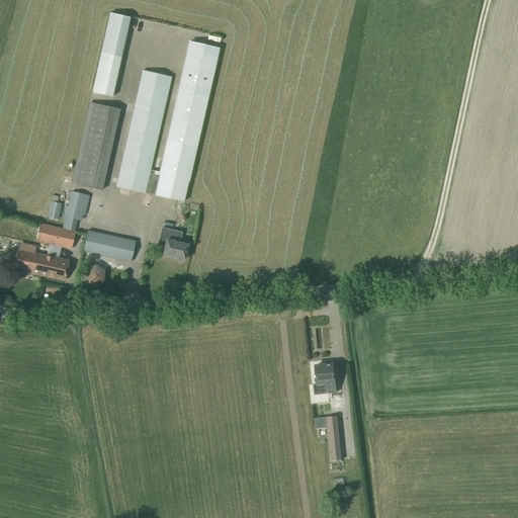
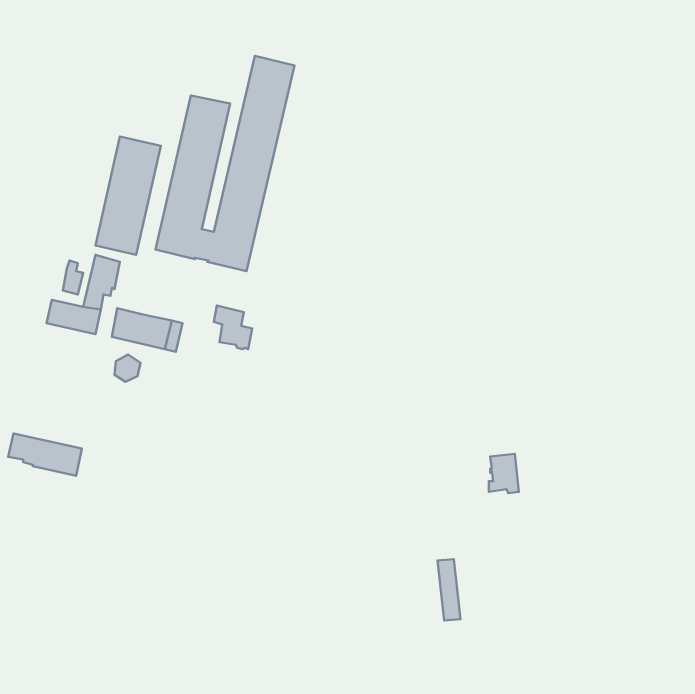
building: [92,12,130,95] -> none
building: [14,248,69,279] -> [8,434,82,476]
building: [315,361,337,391] -> [489,454,519,493]

